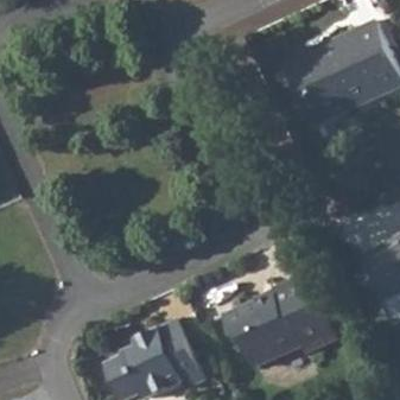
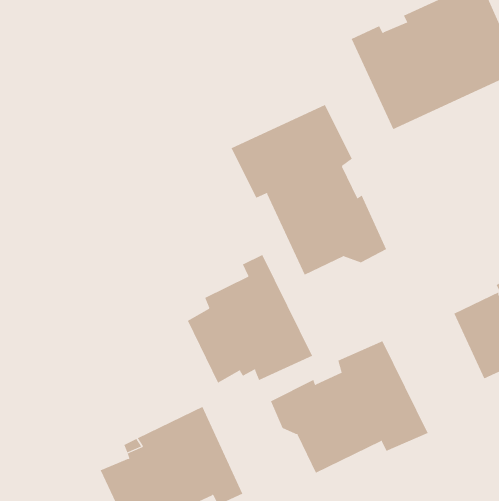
building: none -> [231,104,387,275]
building: none -> [187,254,313,384]

